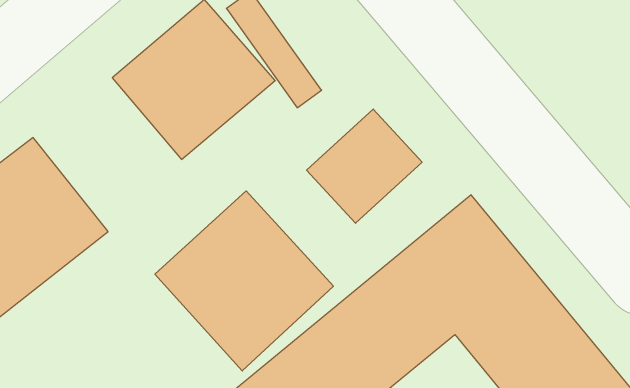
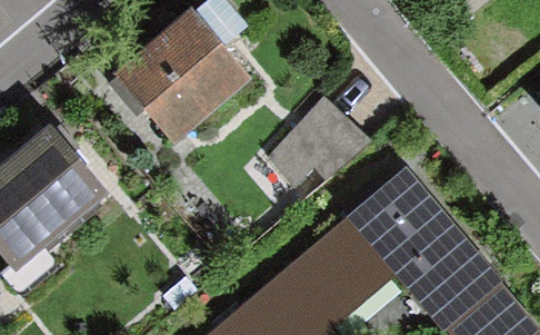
building: [155,191,333,371] -> none

